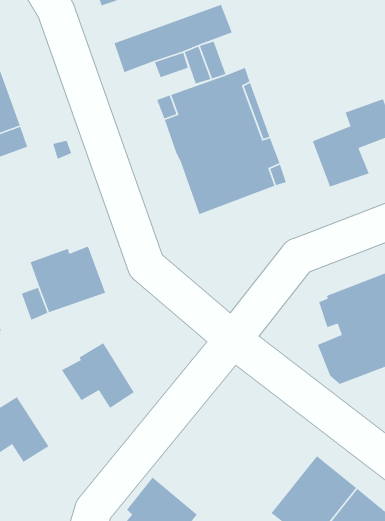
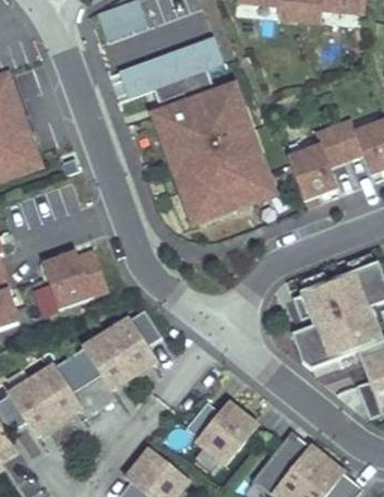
building: none -> [107,308,163,375]
building: none -> [32,355,87,422]
building: none -> [187,400,257,465]

